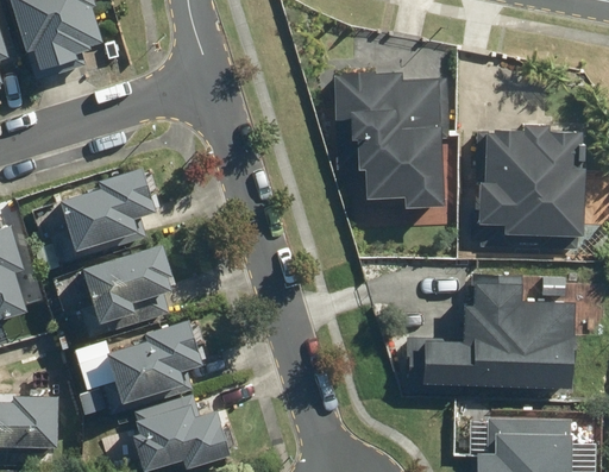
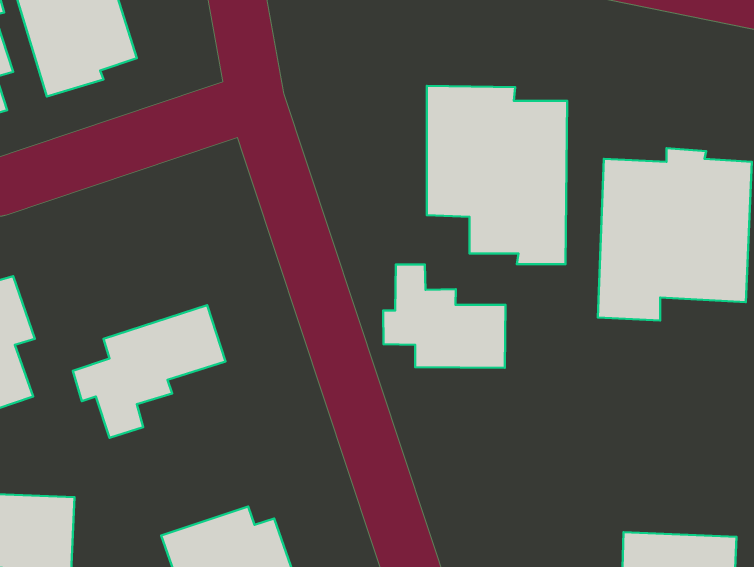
building: [32,164,158,272] -> none
building: none -> [383,264,506,368]
building: [402,278,575,386] -> none
building: [73,317,206,417] -> none

